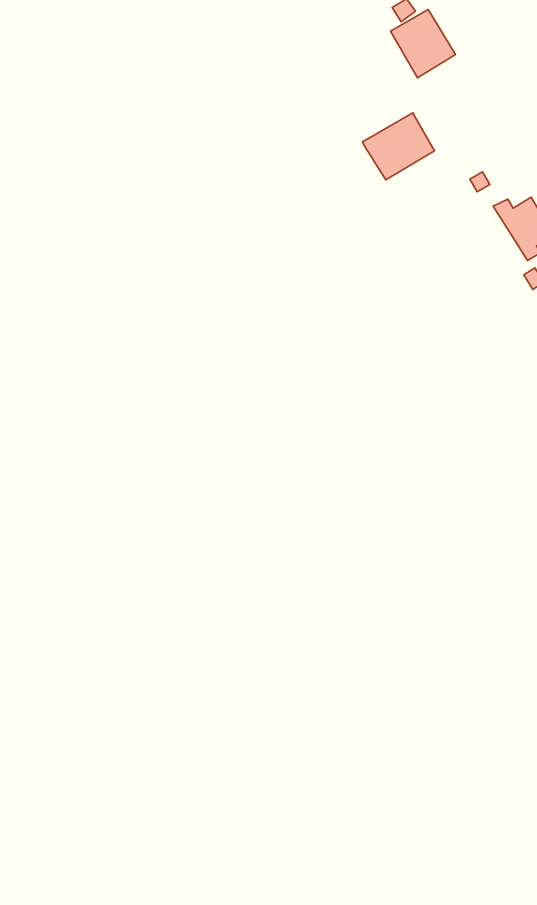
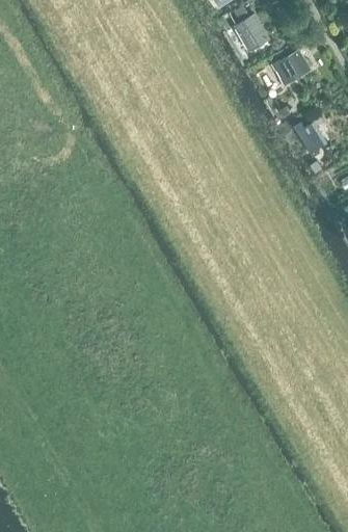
building: [362,113,435,180] -> [270,48,312,86]

